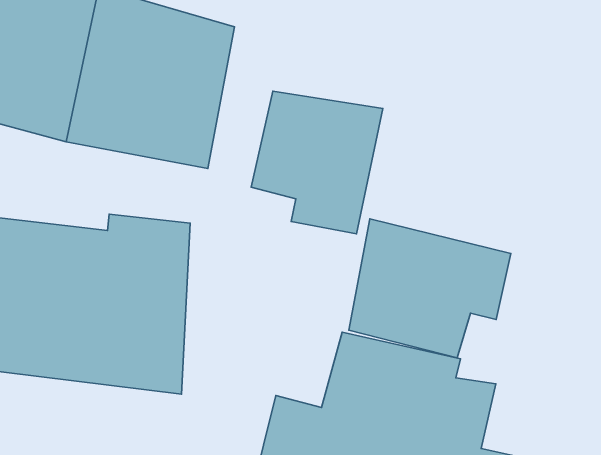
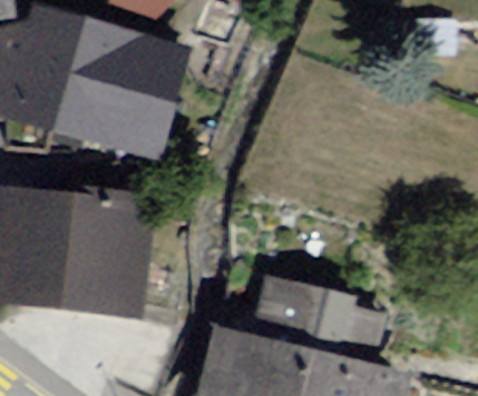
building: [251,91,383,234] -> none
building: [349,219,511,358] -> none

